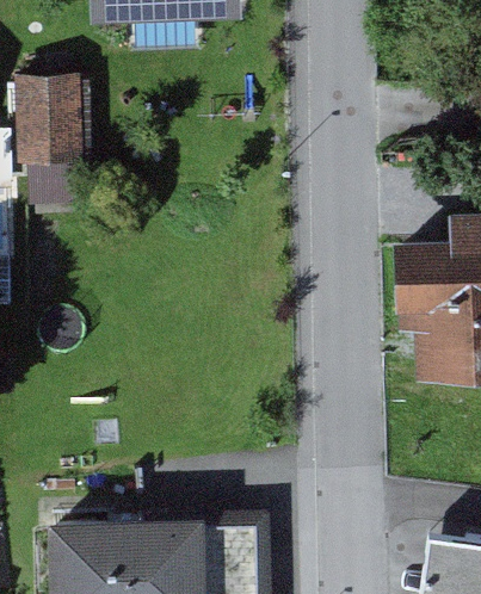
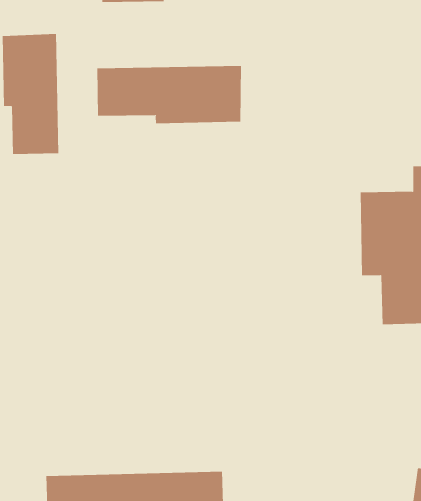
building: none -> [97,65,241,124]

